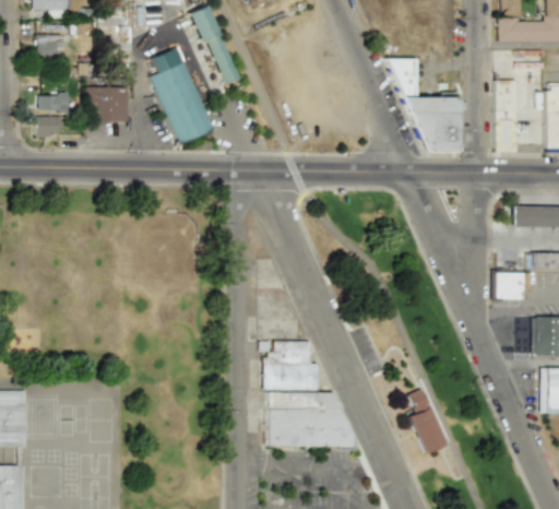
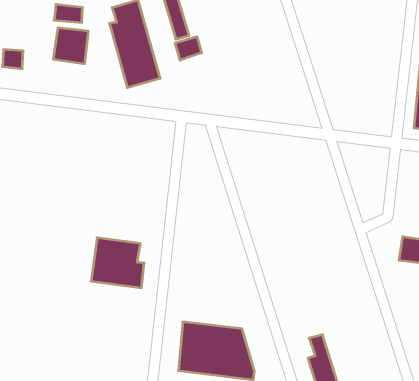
building: [389,58,457,152] -> none
building: none -> [175,37,202,60]
building: [39,94,70,111] -> [54,4,83,22]
building: [262,341,318,390] -> [91,238,144,288]

